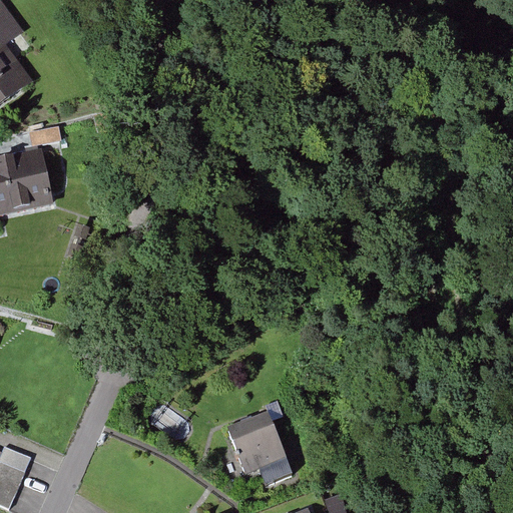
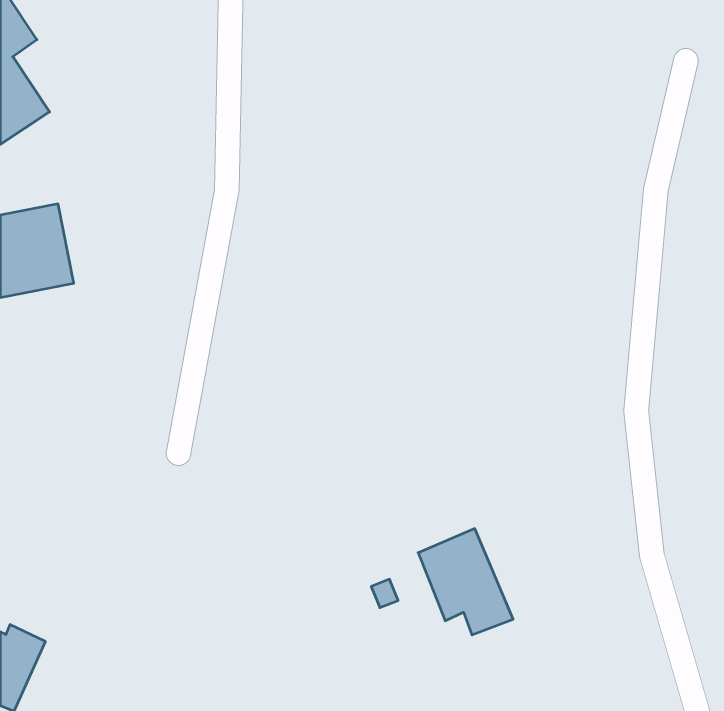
building: [222,420,290,495] -> [418,529,513,635]

